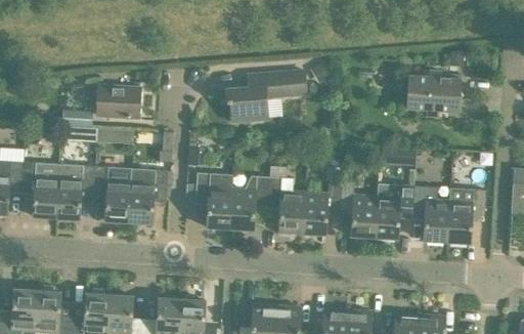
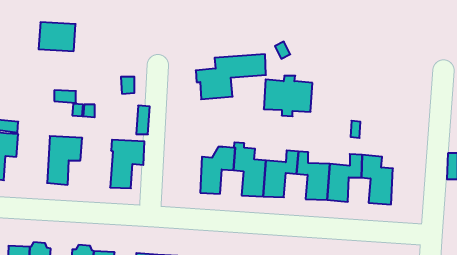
building: [405,71,461,117] -> [264,76,312,116]
building: [97,85,139,118] -> [39,22,76,51]
building: [21,162,59,217] -> none
building: [94,166,131,222] -> none
building: [194,172,232,228] -> none
building: [447,187,485,243] -> none

